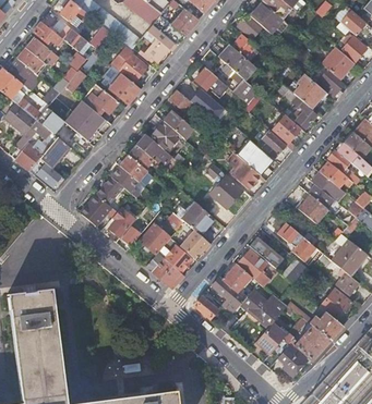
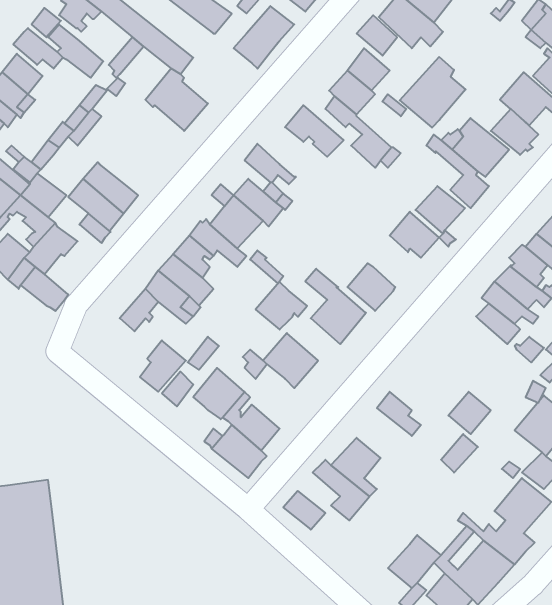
building: [139,24,175,61] -> none
building: none -> [400,57,466,128]
building: [103,64,142,103] -> none
building: [84,83,119,114] -> none
building: [191,90,225,121] -> none
building: [236,138,273,174] -> none
building: [81,193,117,224] -> none
building: [297,194,328,222] -> none
building: [180,229,211,257] -> [256,282,307,330]
building: [237,249,266,277] -> none
building: [219,287,288,332] -> none

